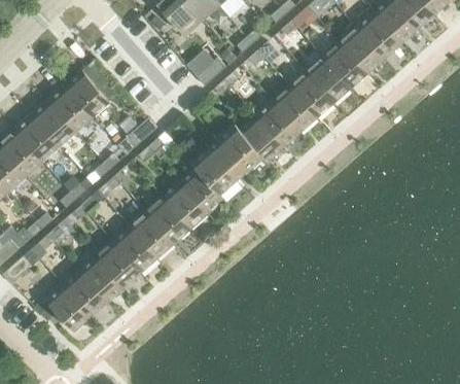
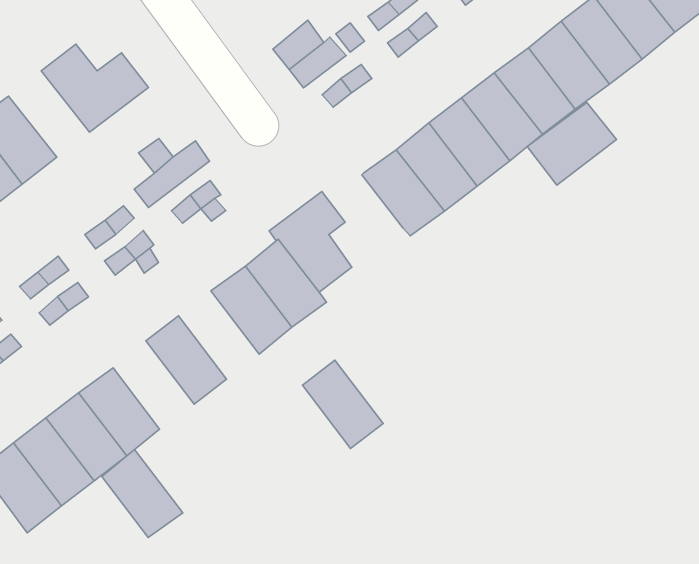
building: none -> [527,103,617,185]
building: [48,85,93,131] -> none
building: [218,125,262,179] -> none
building: [146,197,190,243] -> [302,360,383,448]
building: [113,225,157,272] -> [102,450,183,538]

